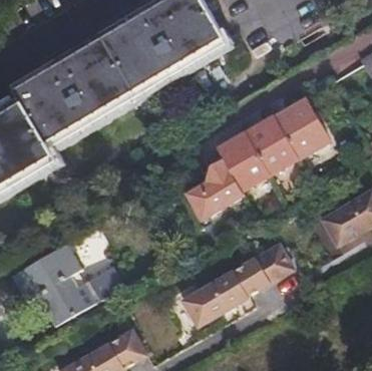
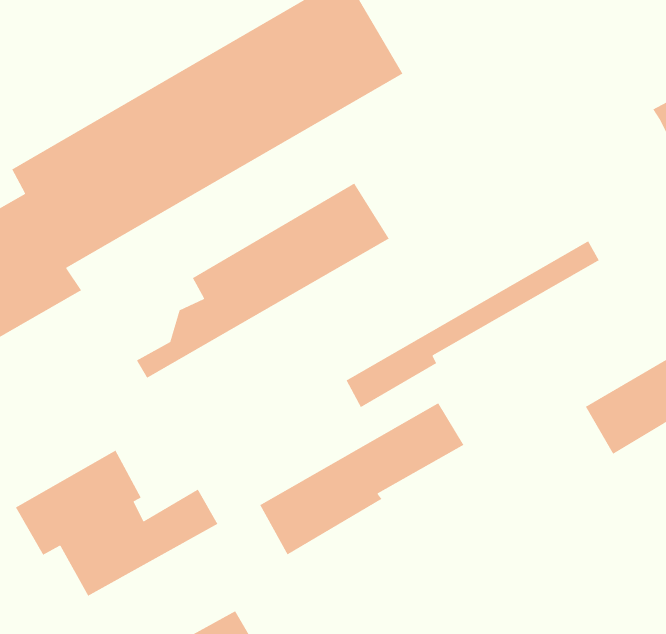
building: [185,100,322,206] -> [136,183,390,379]
building: [183,244,294,326] -> [259,402,465,555]

